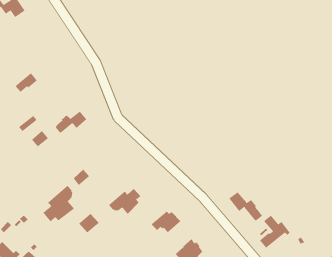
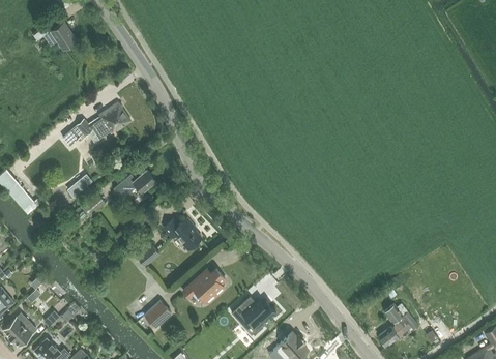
building: none -> [92,101,129,136]
building: none -> [163,216,201,248]
building: [43,185,75,222] -> none
building: [228,192,263,222] -> none

